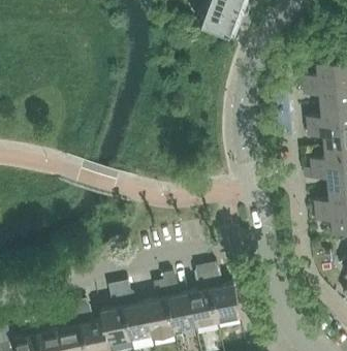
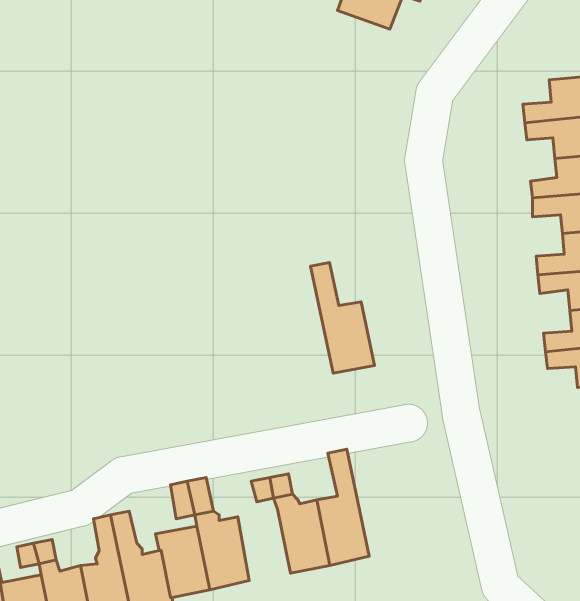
building: [206,263,241,324] -> [311,262,374,373]
building: [146,298,175,338] -> none

